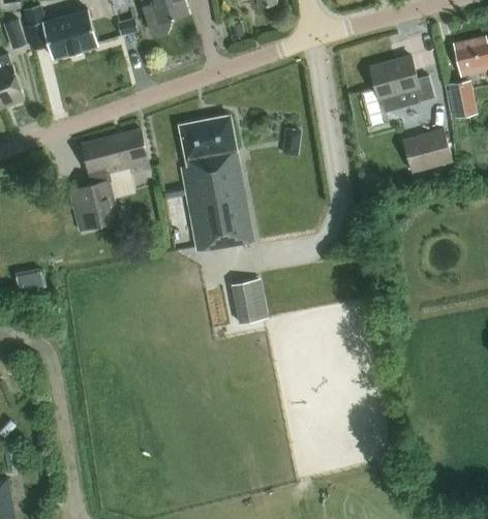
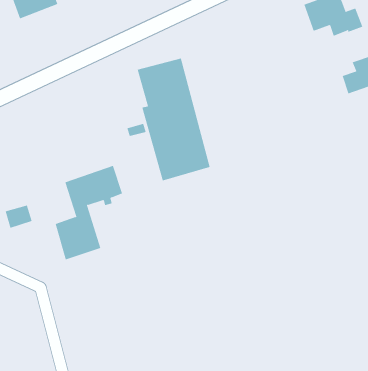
building: [68,130,147,232] -> [55,165,123,260]
building: [231,278,267,324] -> none

